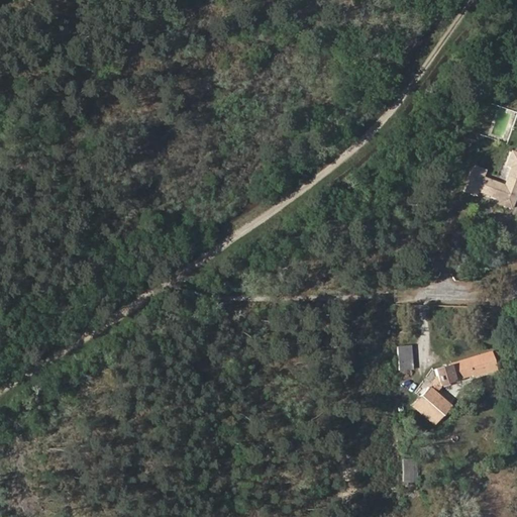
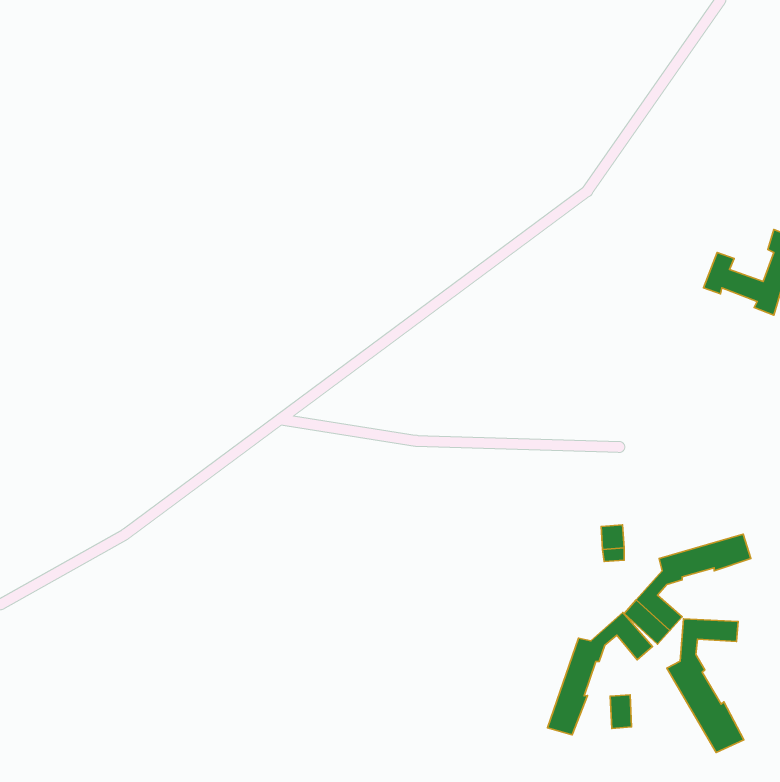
building: none -> [547,612,652,735]
building: none -> [667,619,744,753]

